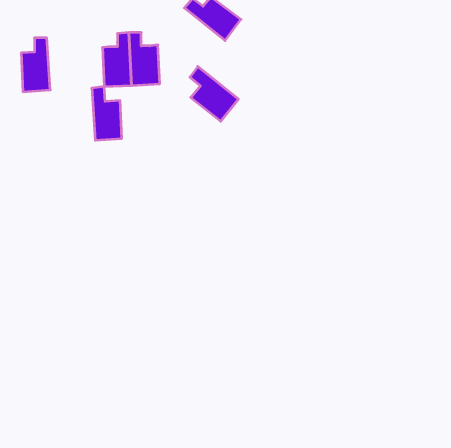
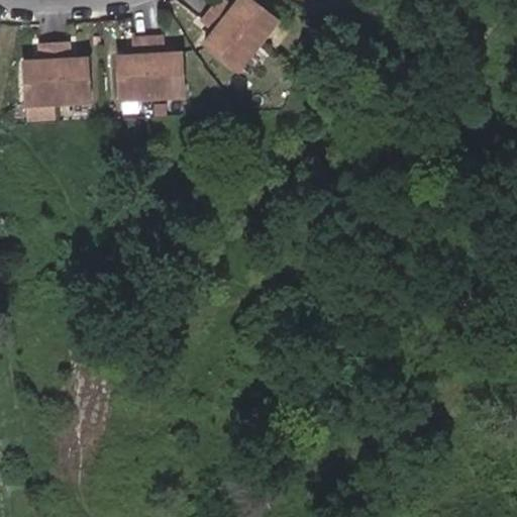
building: [190,66,238,121] -> [202,9,257,72]
building: [92,86,122,140] -> [54,41,88,103]

